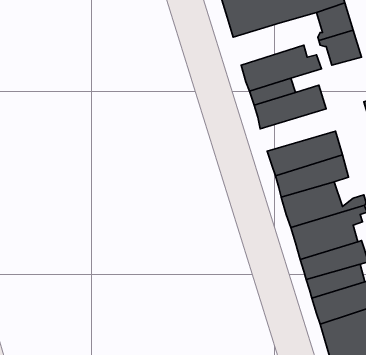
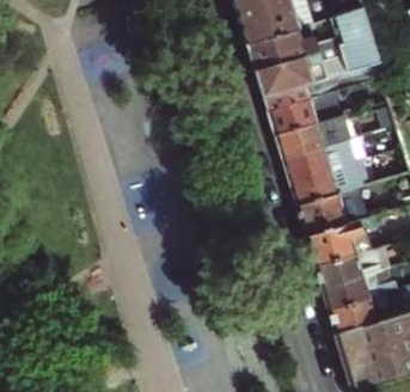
building: none -> [249,30,320,73]
building: none -> [276,117,353,160]

